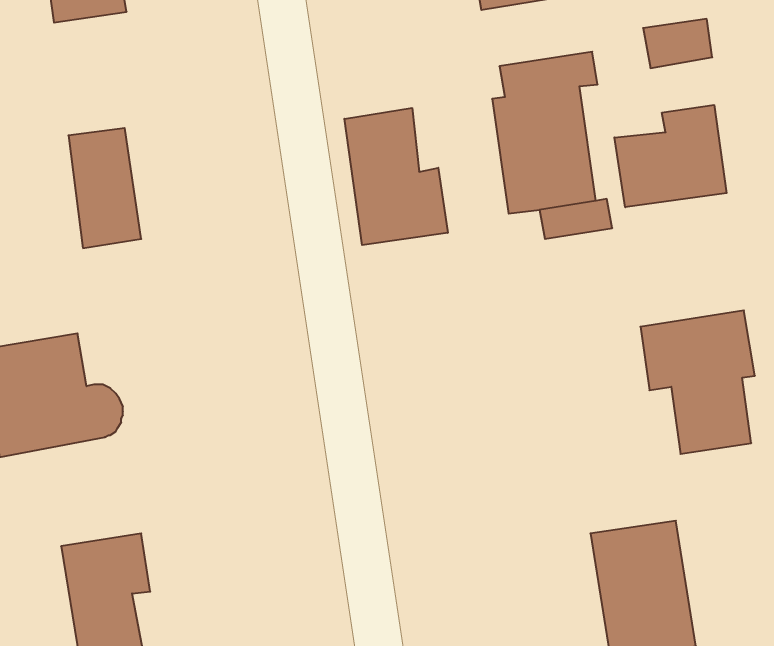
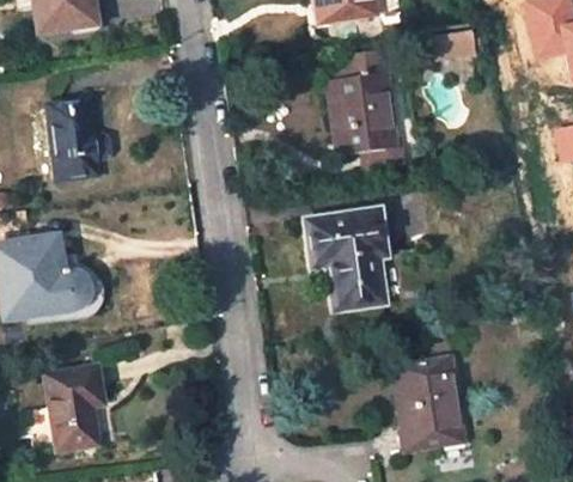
building: [614,105,727,207] -> none
building: [344,108,448,245] -> none
building: [640,310,755,454] -> [310,214,385,309]

